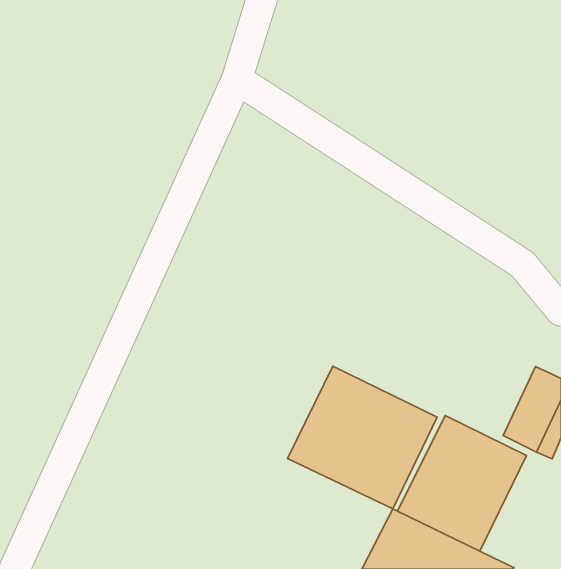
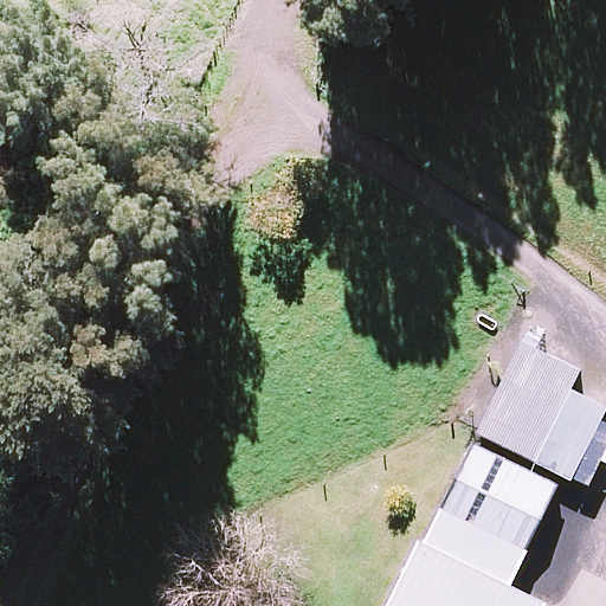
building: none -> [476,342,579,463]
building: [287,366,437,509] -> none

